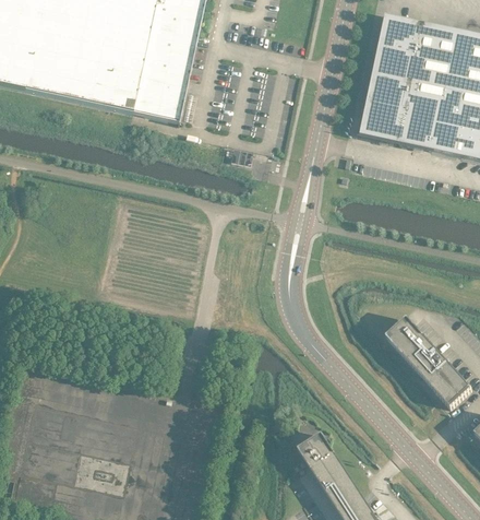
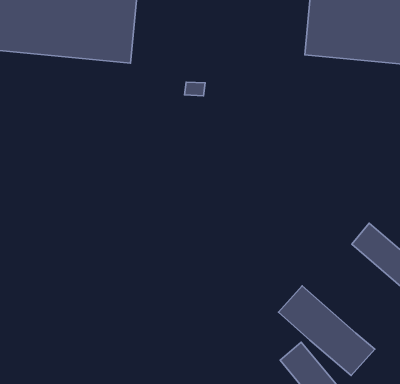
building: none -> [279,286,375,375]

